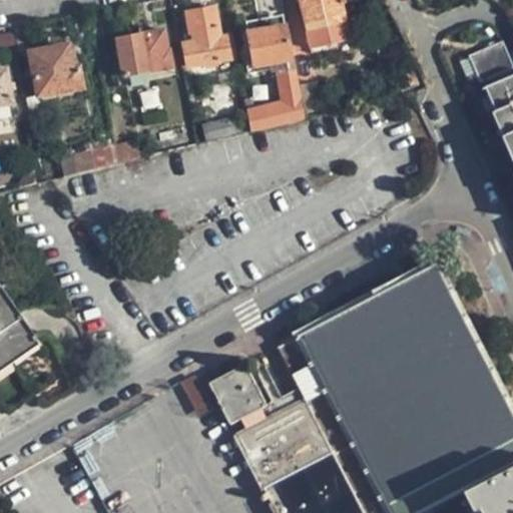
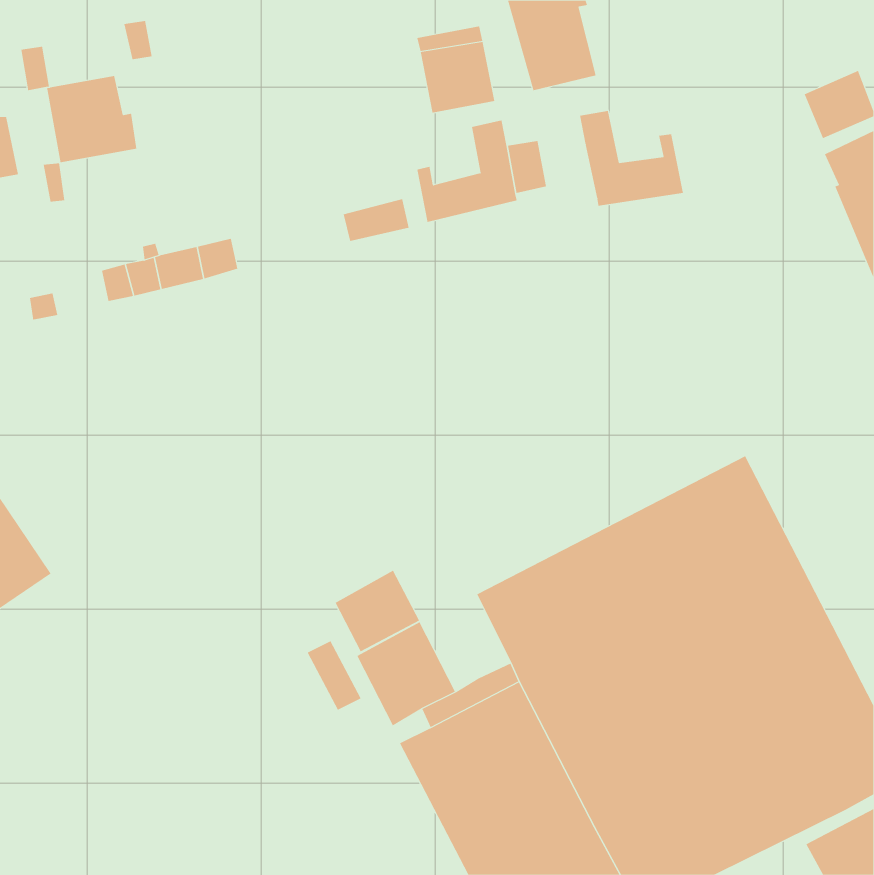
building: [183,7,232,65] -> none
building: [114,29,172,76] -> none
building: none -> [580,110,684,206]
building: none -> [335,570,420,652]

